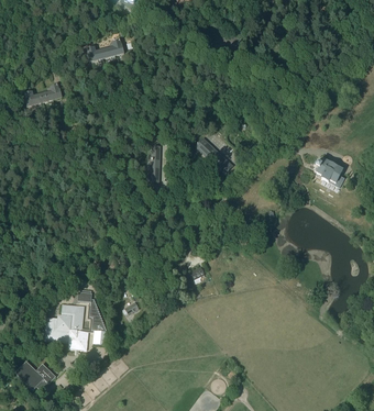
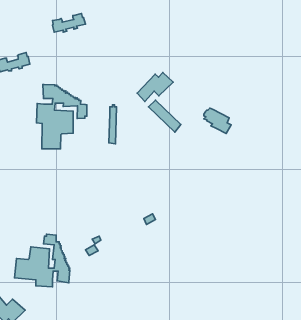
building: none -> [137,73,173,102]
building: none -> [37,85,87,149]
building: [312,158,343,187] -> [204,108,231,133]

